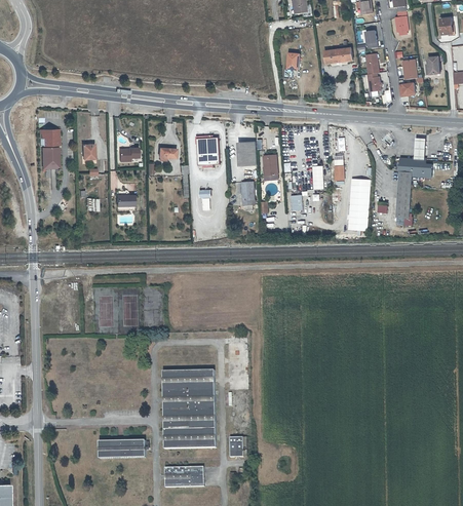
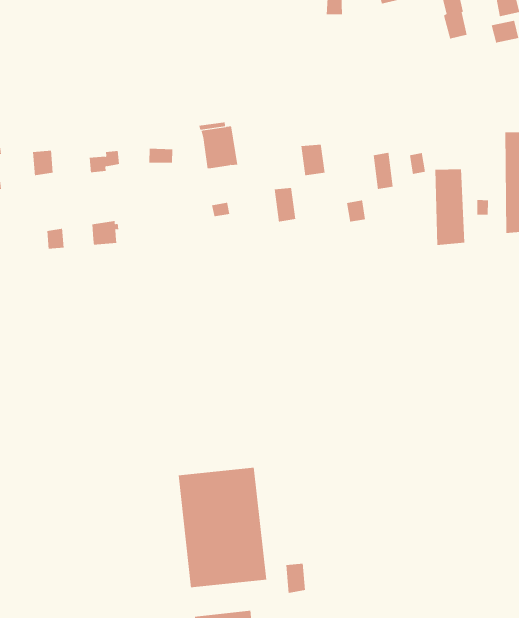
building: [236,142,257,166] -> none
building: [97,439,143,457] -> none

